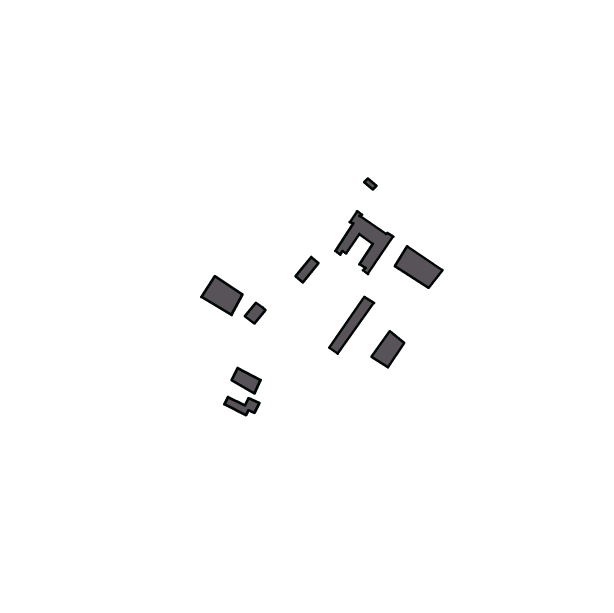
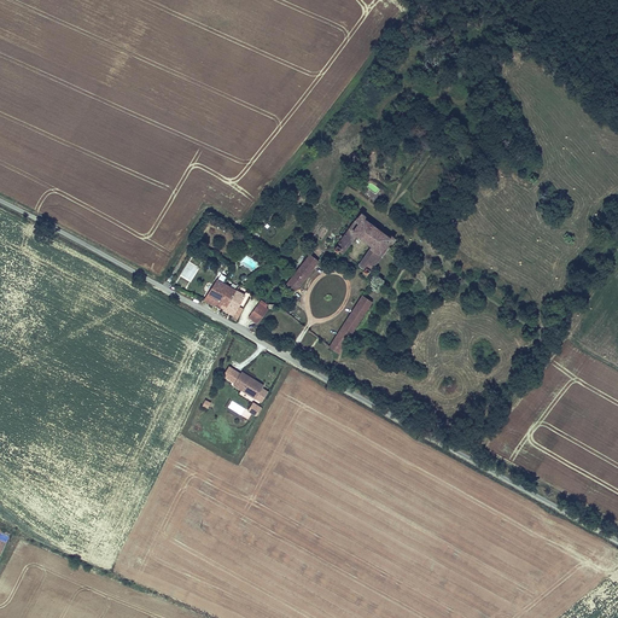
building: [395,246,442,288] -> none
building: [372,331,404,367] -> none

